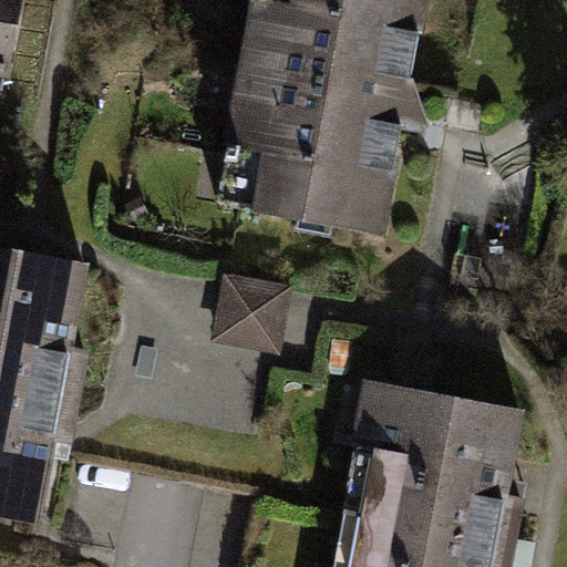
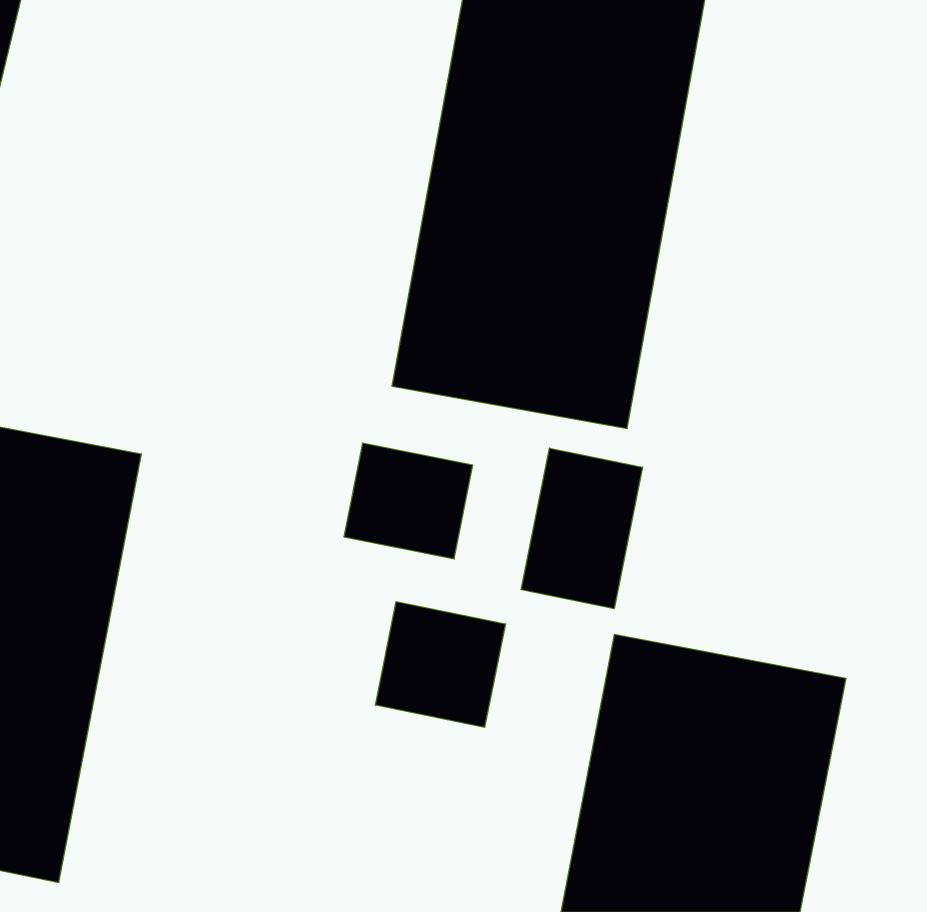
building: none -> [521,448,642,609]
building: none -> [375,602,505,727]

